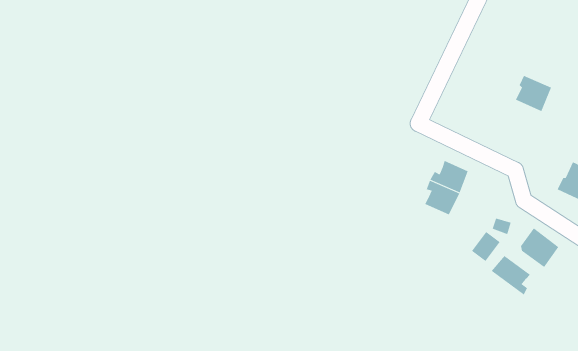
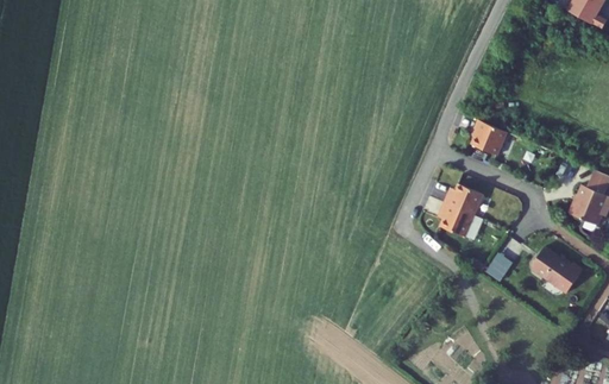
building: [515,75,552,112] -> [472,119,508,155]
building: [491,255,531,295] -> none

